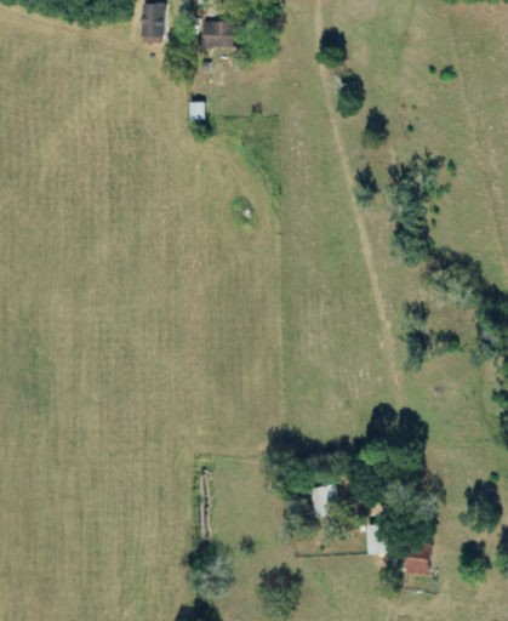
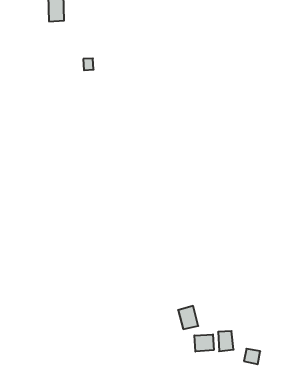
building: [201,22,244,47] -> none
building: none -> [194,334,214,352]

